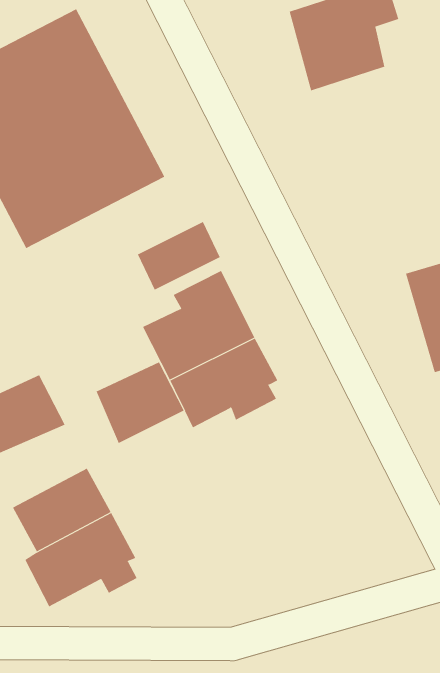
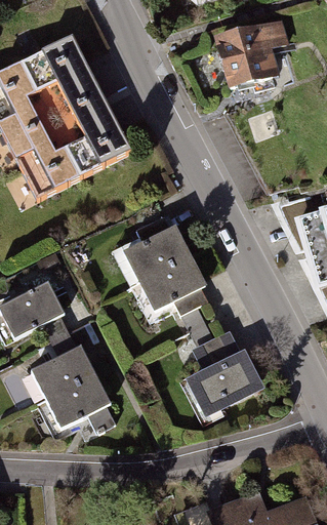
building: [137,221,221,290] -> none
building: [96,361,184,444] -> none
building: none -> [186,330,267,422]

